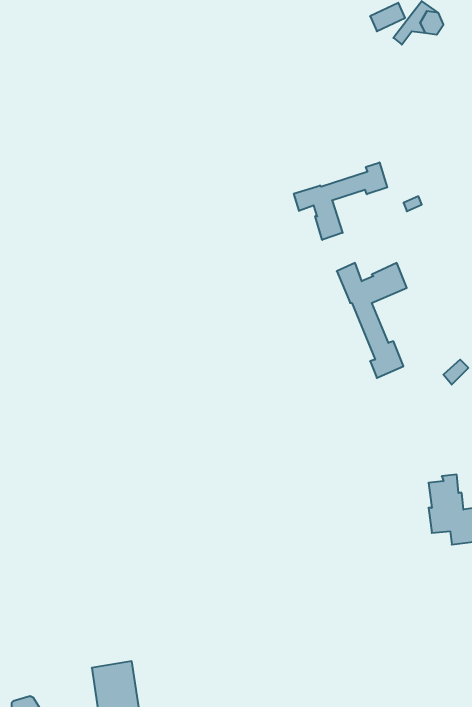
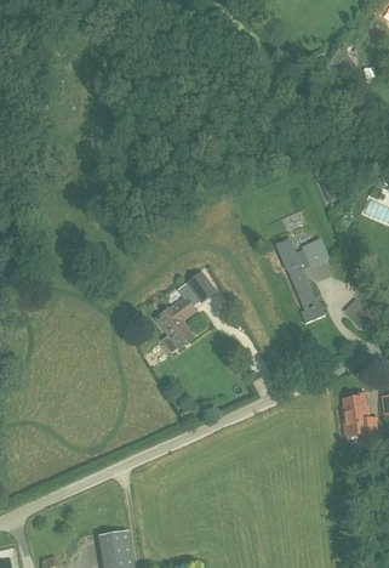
building: [294,162,387,240] -> none
building: none -> [155,272,216,352]

